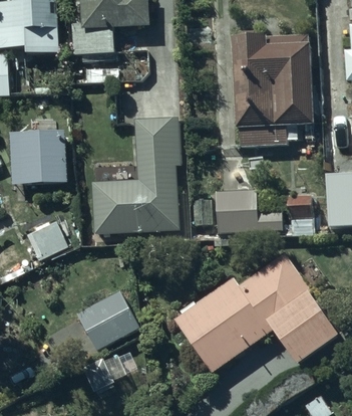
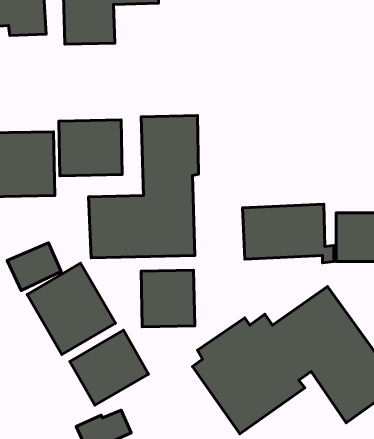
building: [232,29,312,147] -> none
building: none -> [59,120,122,176]
building: none -> [27,263,115,355]
building: none -> [141,270,195,327]

